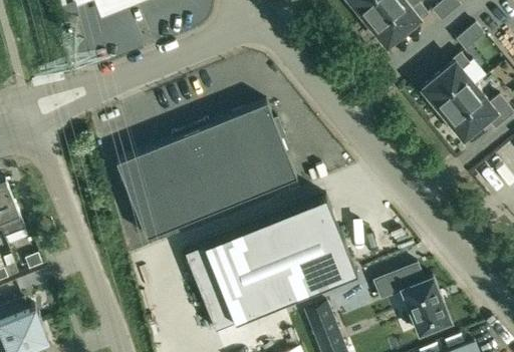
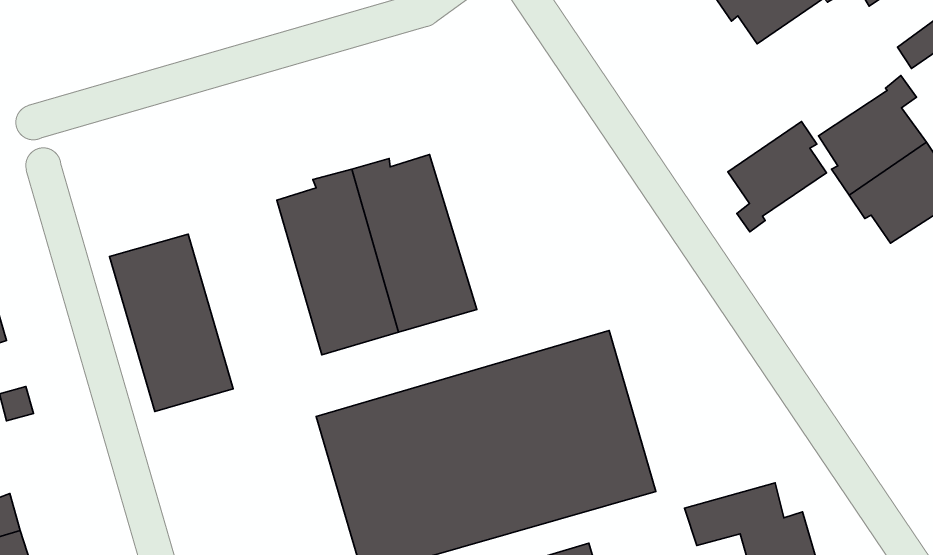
building: none -> [728,121,827,232]
building: [229,103,297,194] -> none
building: [116,148,185,239] -> [110,234,233,411]

